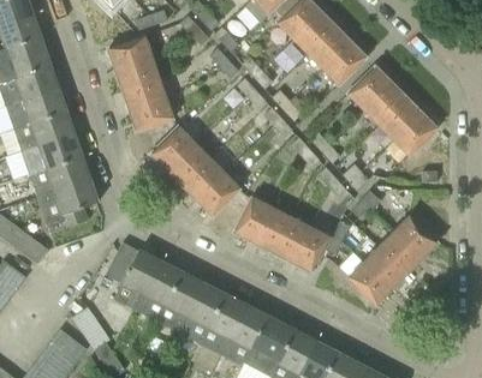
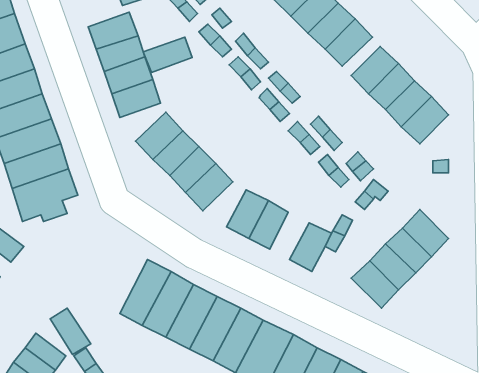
building: none -> [143,37,192,73]
building: [273,217,309,260] -> none
building: [106,241,161,310] -> none

